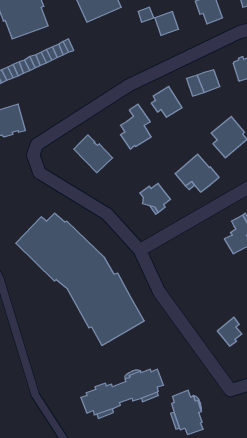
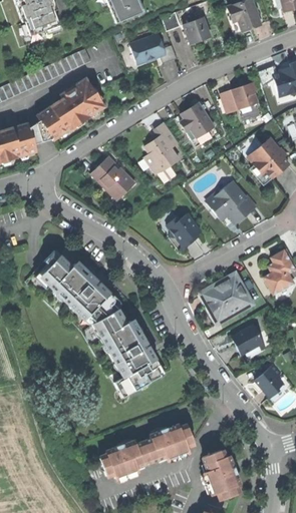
building: none -> [130,33,177,64]
building: none -> [37,77,105,140]
building: none -> [198,272,253,324]
building: none -> [232,325,263,355]

